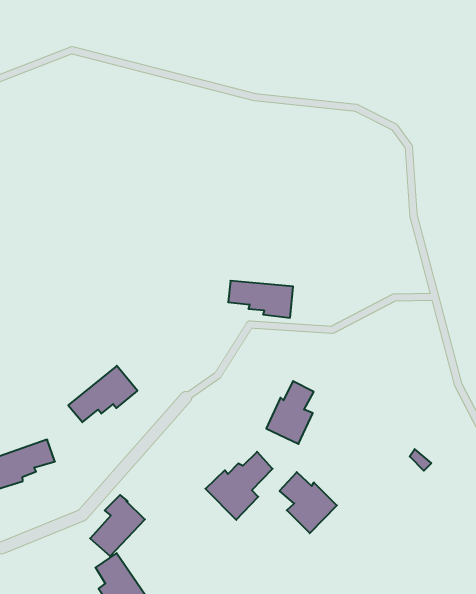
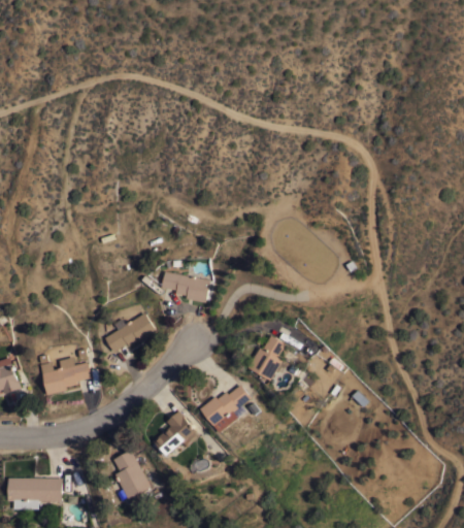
building: [228,281,293,318] -> [160,272,208,303]
building: [280,472,337,533] -> none
building: [90,495,145,556] -> [154,411,195,456]

